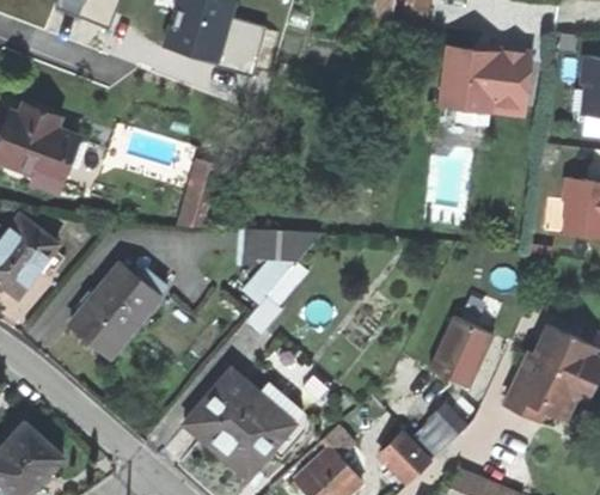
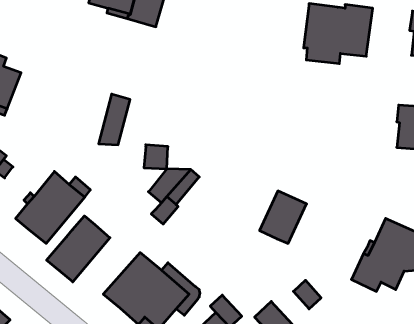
building: [265,231,320,261] -> none
building: [430,317,491,385] -> [260,191,307,243]
building: none -> [47,216,110,282]

